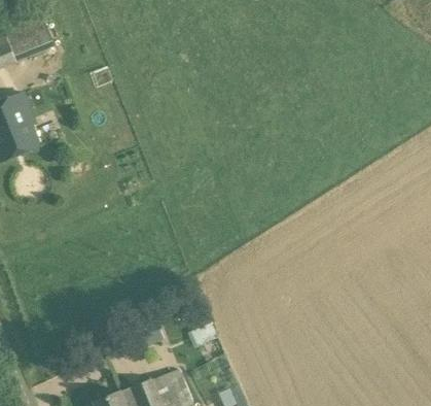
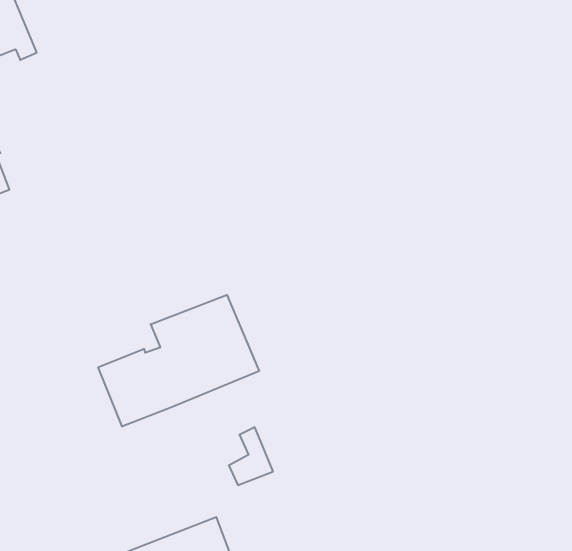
building: none -> [98,295,259,427]

